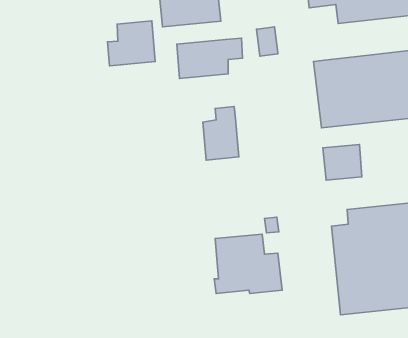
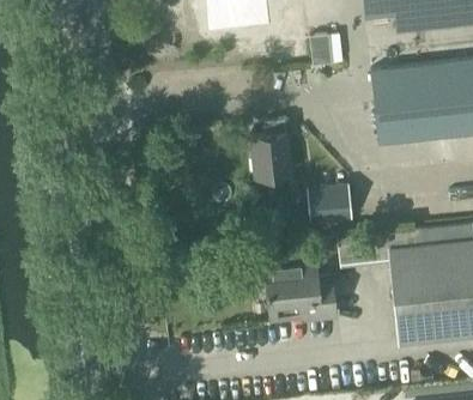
building: [108,21,155,66] -> none
building: [177,38,243,79] -> none
building: [323,144,362,180] -> [305,183,347,222]

